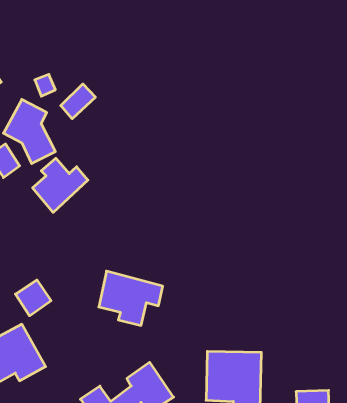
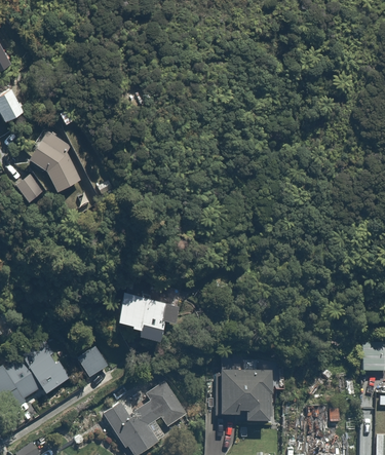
building: [61,84,95,119] -> none
building: [33,158,88,212] -> none
building: [15,280,51,316] -> [76,342,110,376]

